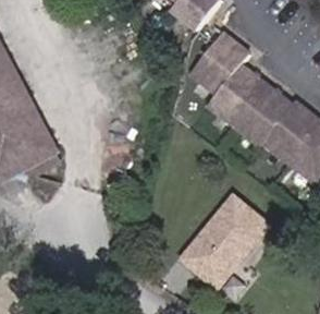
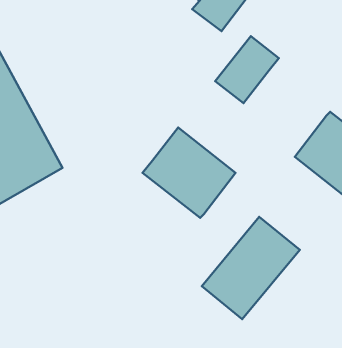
building: [210,64,293,145] -> [143,128,236,218]

